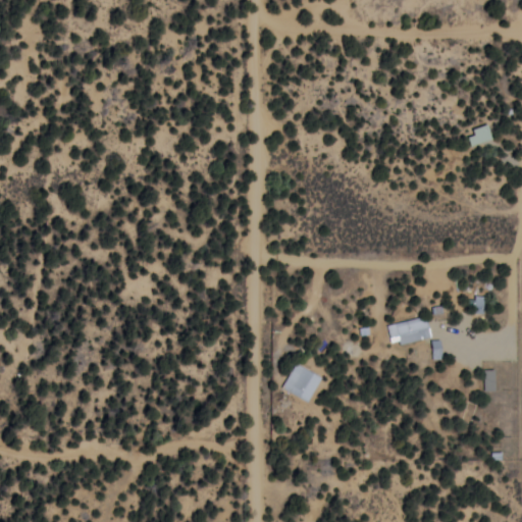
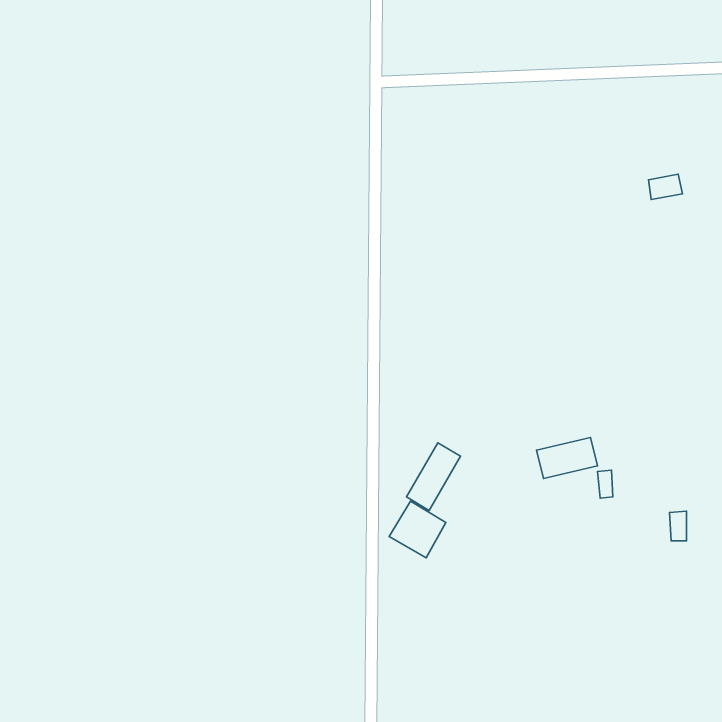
building: none -> [407,443,461,510]

